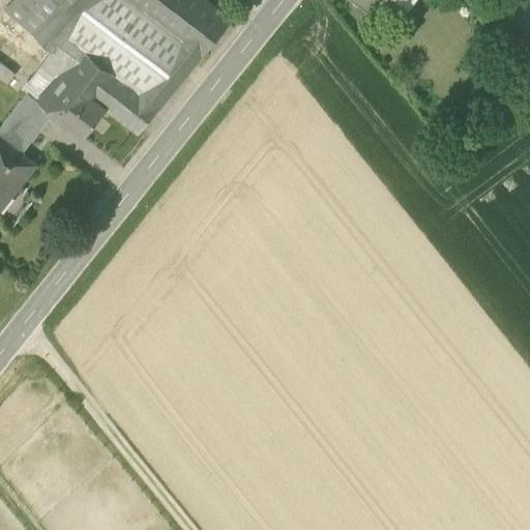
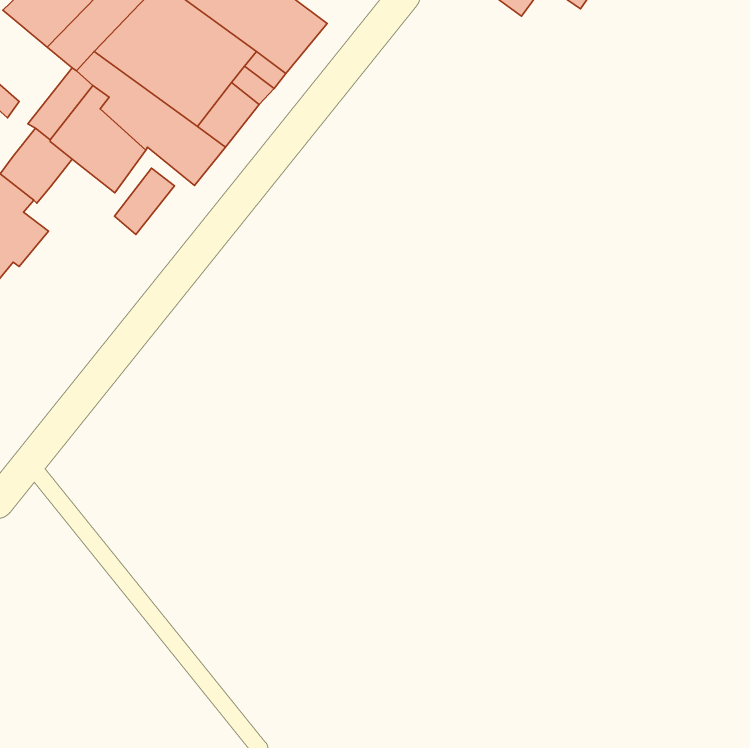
building: none -> [114,168,175,234]

